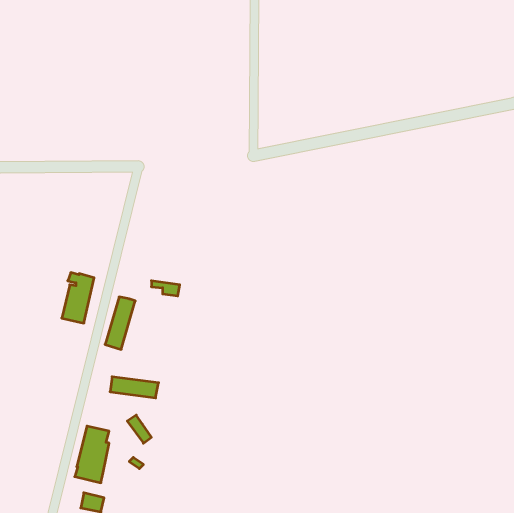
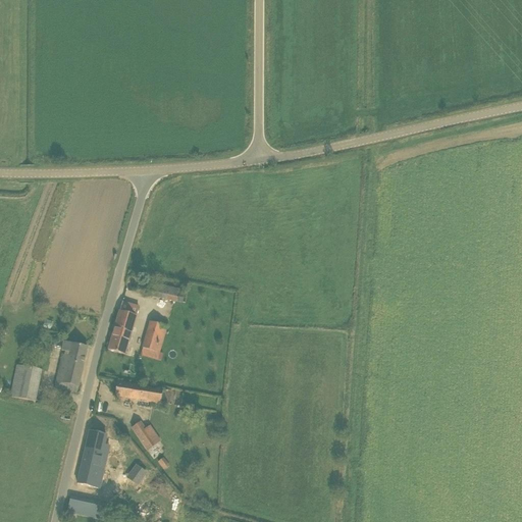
building: [62,273,94,323] -> [52,340,85,390]
building: none -> [139,320,164,358]
building: none -> [14,364,40,400]

